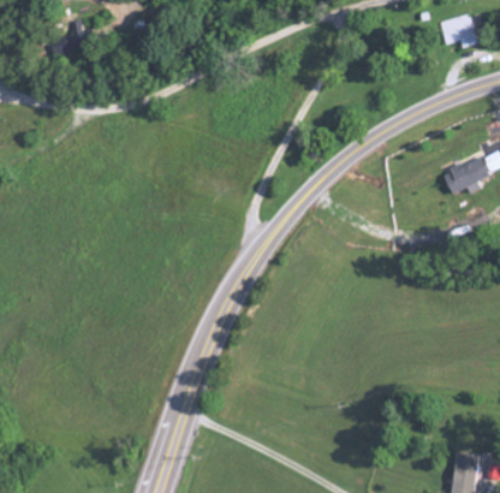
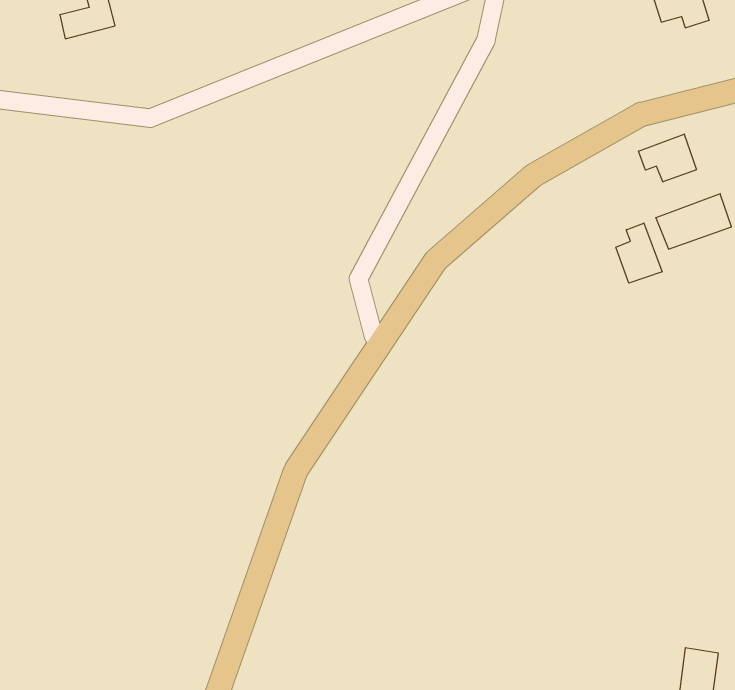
building: none -> [639,134,696,182]
building: none -> [616,223,662,283]

